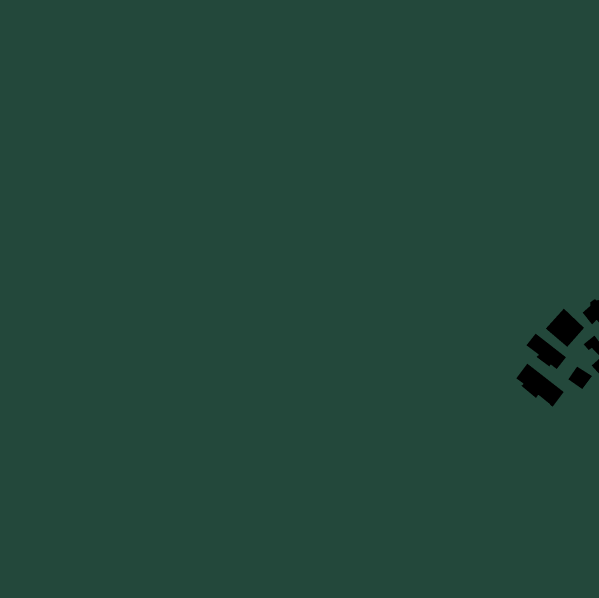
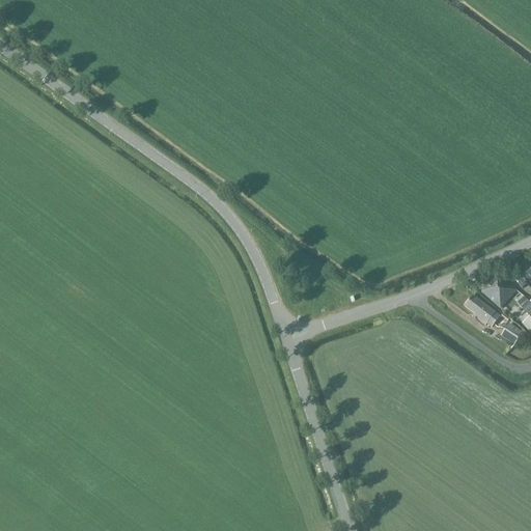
building: [515,362,565,408] -> none

